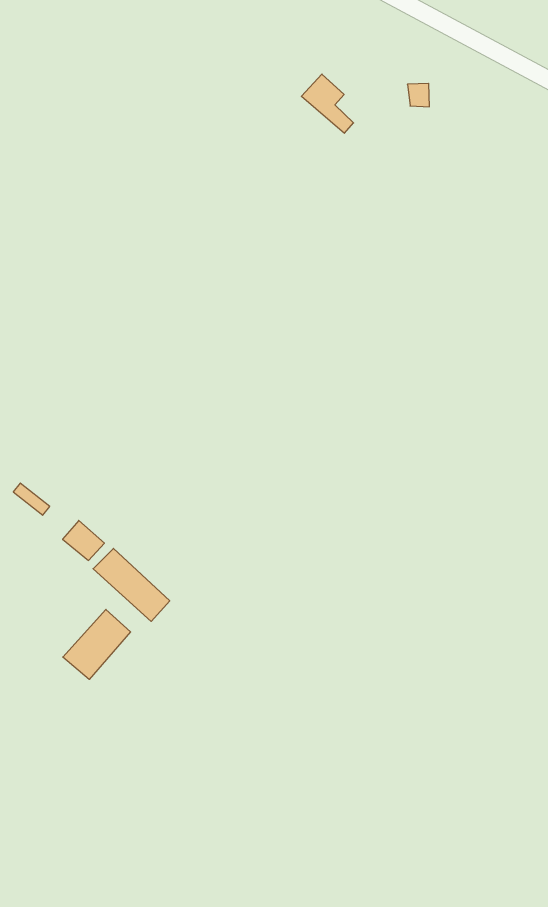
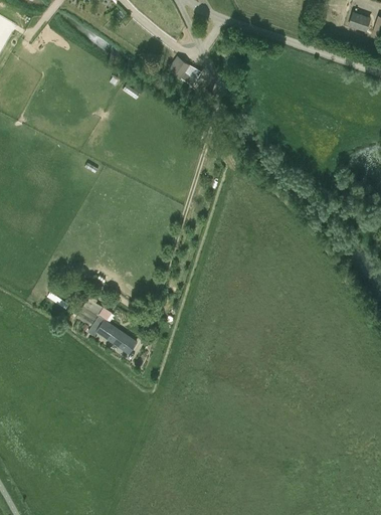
building: [63,609,131,679] -> none

